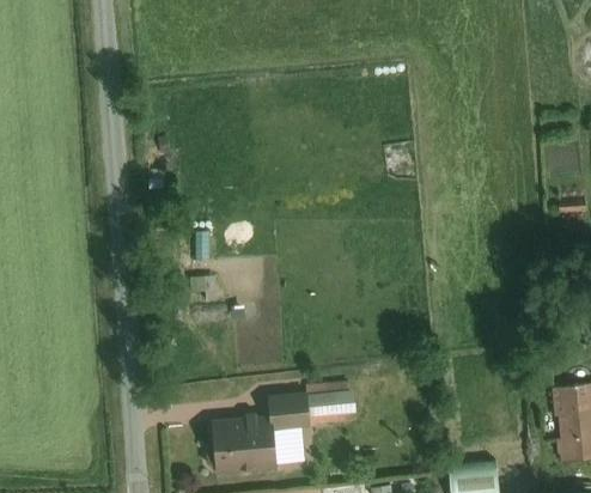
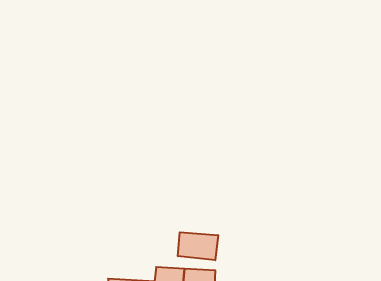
building: none -> [178,232,218,260]

